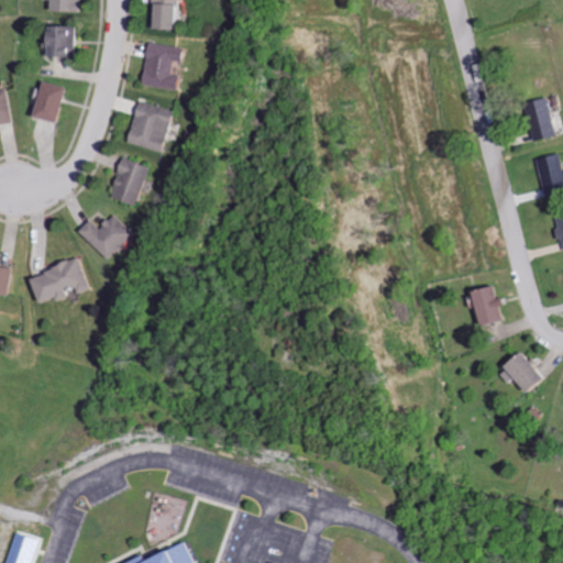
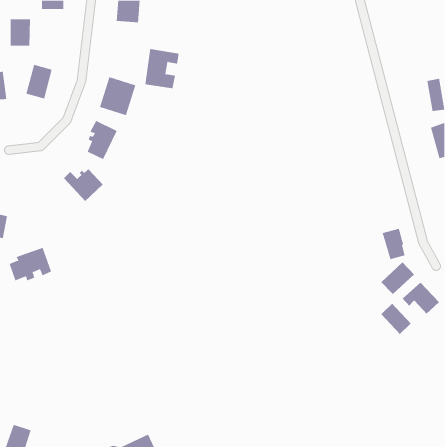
building: [47,24,74,58] -> [10,19,31,46]
building: [139,40,183,90] -> [144,48,179,89]
building: [31,257,85,300] -> [9,247,52,281]
building: none -> [381,262,415,295]
building: none -> [380,303,412,335]

